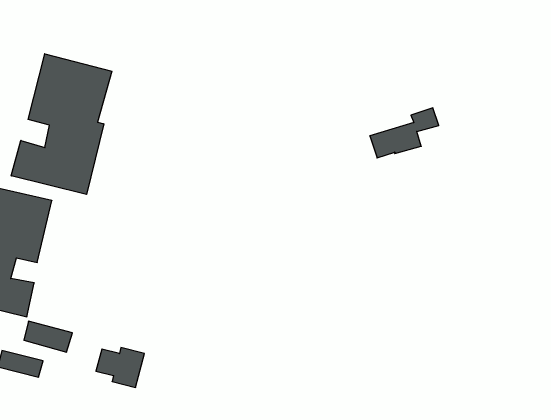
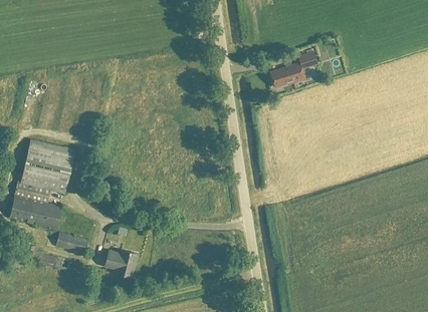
building: [11,54,112,194] -> none
building: [370,108,439,158] -> [269,52,316,86]

